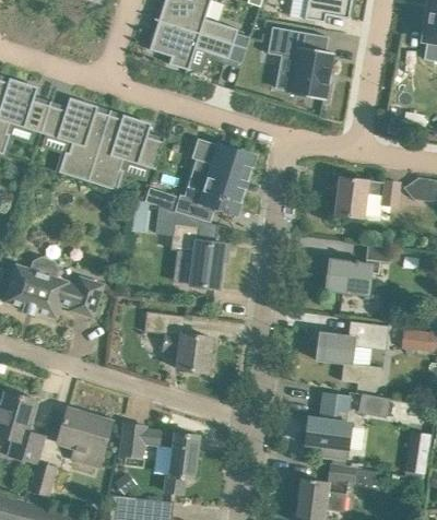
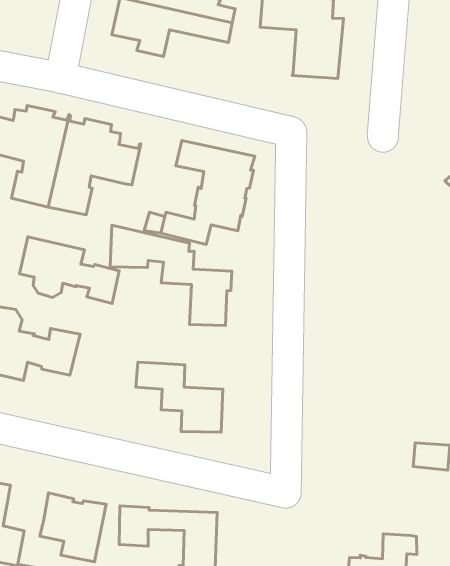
building: [334,176,399,217] -> none
building: none -> [19,237,119,304]
building: [324,244,391,295] -> none
building: [316,321,388,386] -> none
building: [305,392,350,460] -> none

